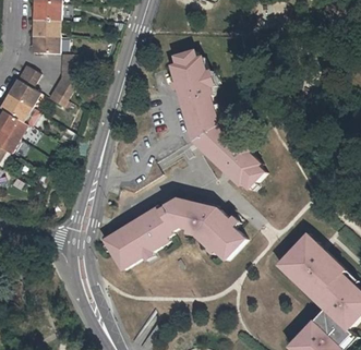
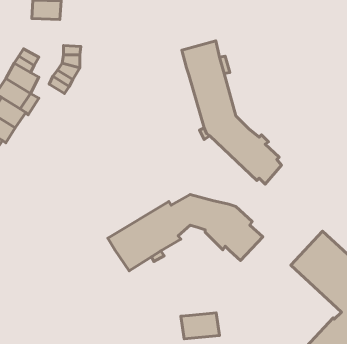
building: [32,37,59,55] -> none
building: none -> [181,313,219,339]

